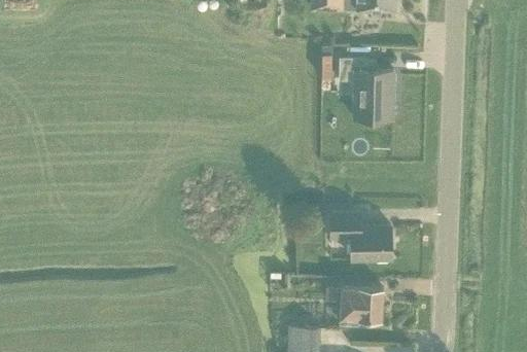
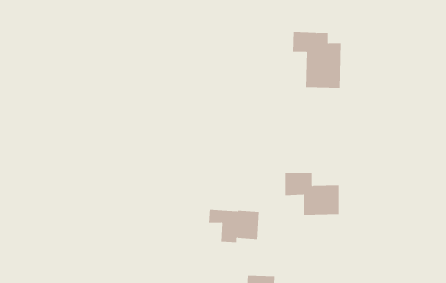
building: [326,288,383,325] -> [208,209,260,243]

